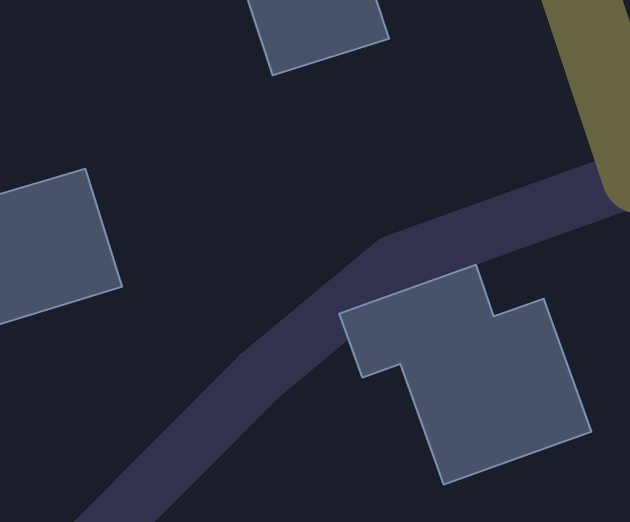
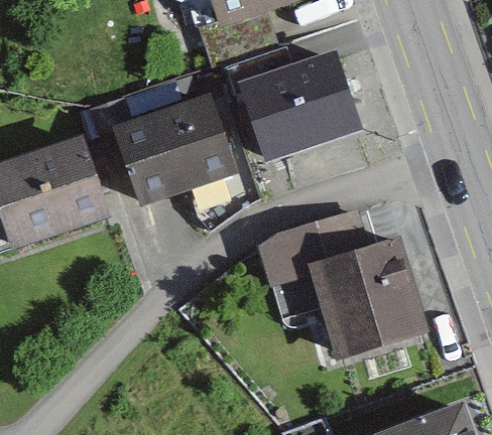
building: none -> [222,45,373,160]
building: none -> [98,99,222,206]

